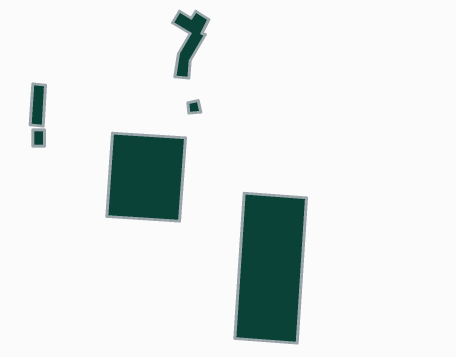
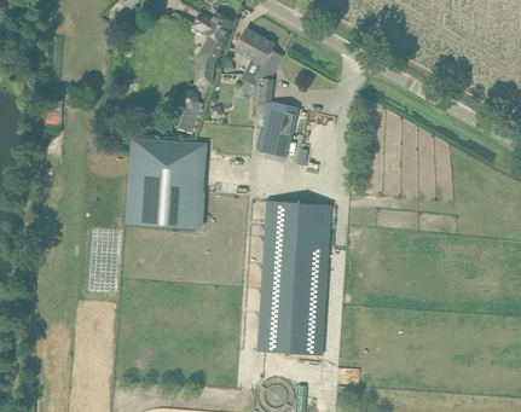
building: none -> [233,29,282,101]
building: none -> [178,91,202,134]
building: none -> [256,103,296,157]

